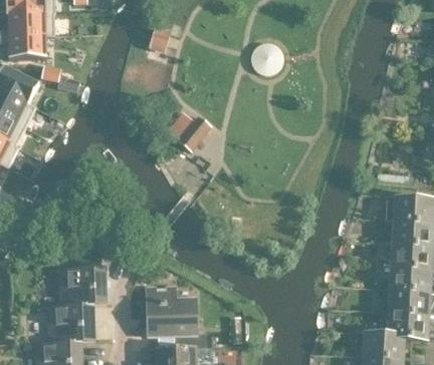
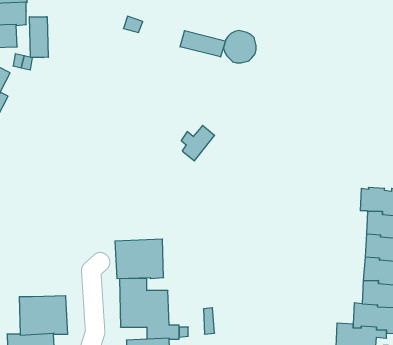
building: none -> [29,17,48,58]
building: none -> [180,31,225,57]
building: [177,115,210,150] -> [181,125,215,161]
building: [58,266,106,305] -> [115,239,164,279]

